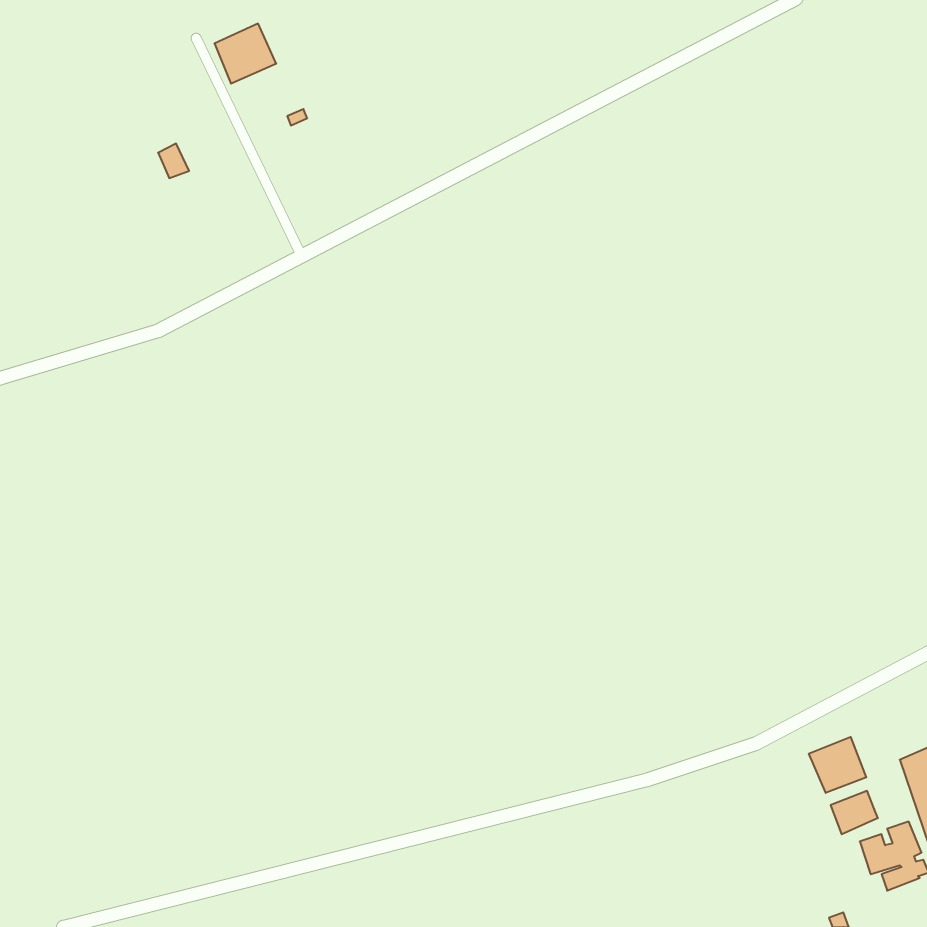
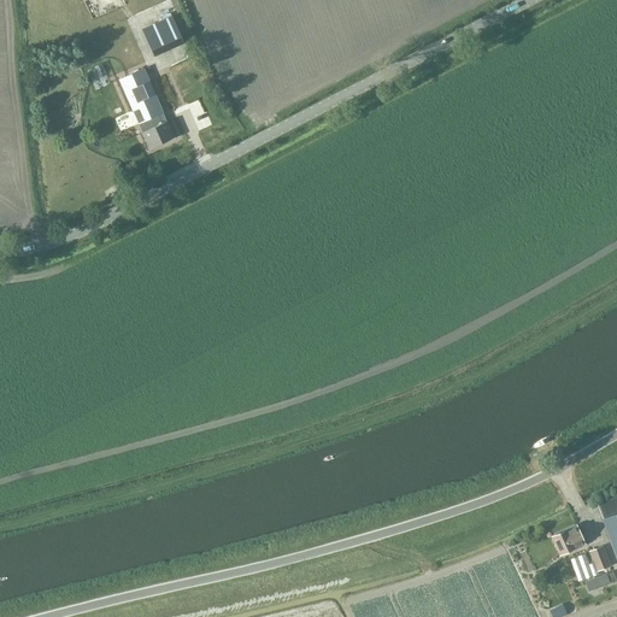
building: none -> [123,74,175,147]
building: [809,737,866,793] -> none

